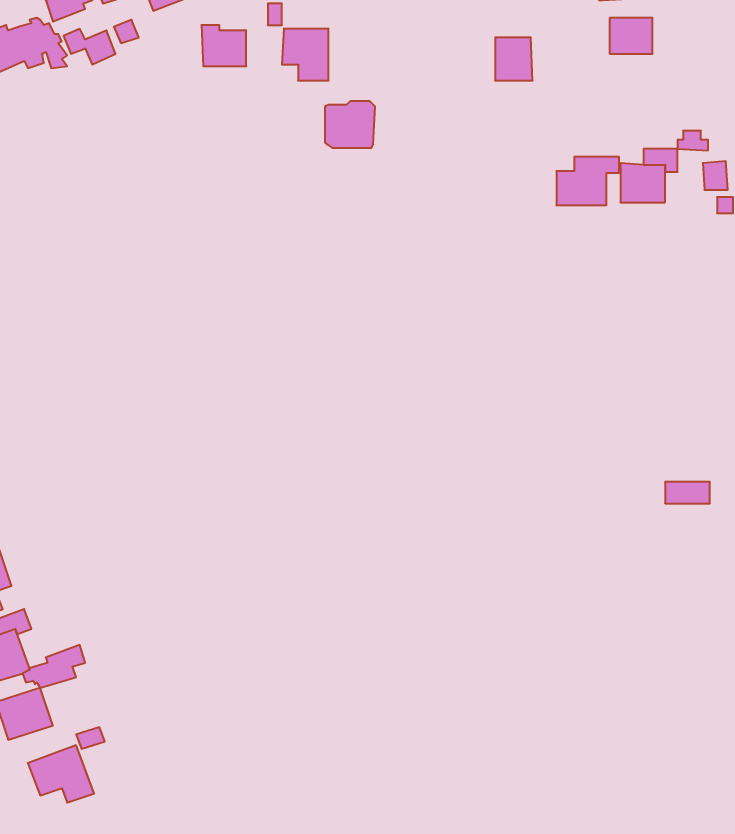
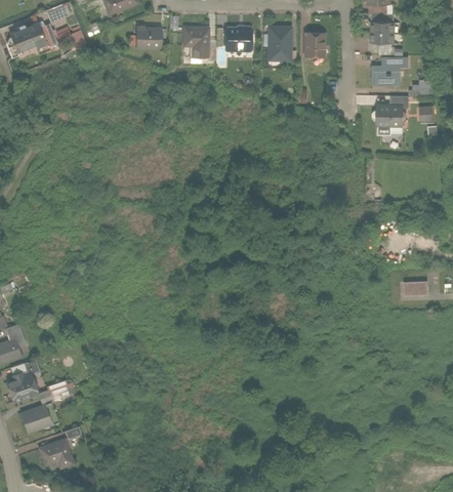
building: none -> [267,25,292,59]
building: [325,101,375,148] -> [223,25,252,51]
building: [556,157,619,205] -> [371,57,407,85]

